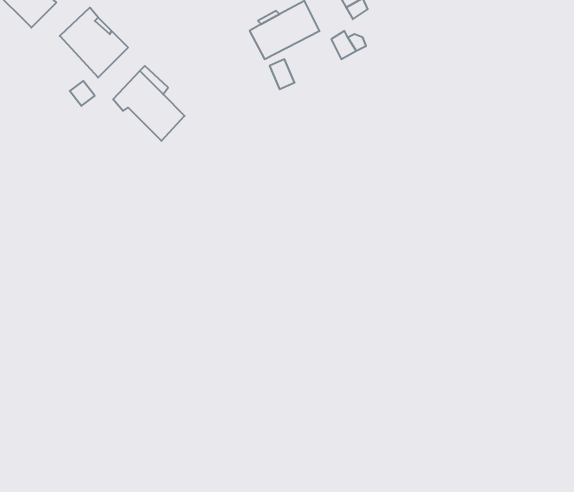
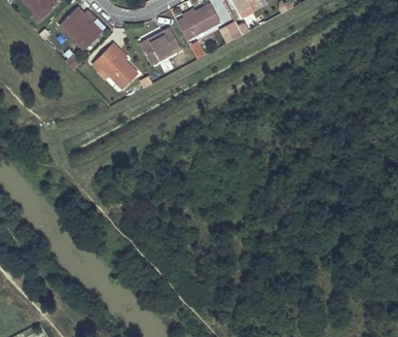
building: none -> [140,28,181,64]

